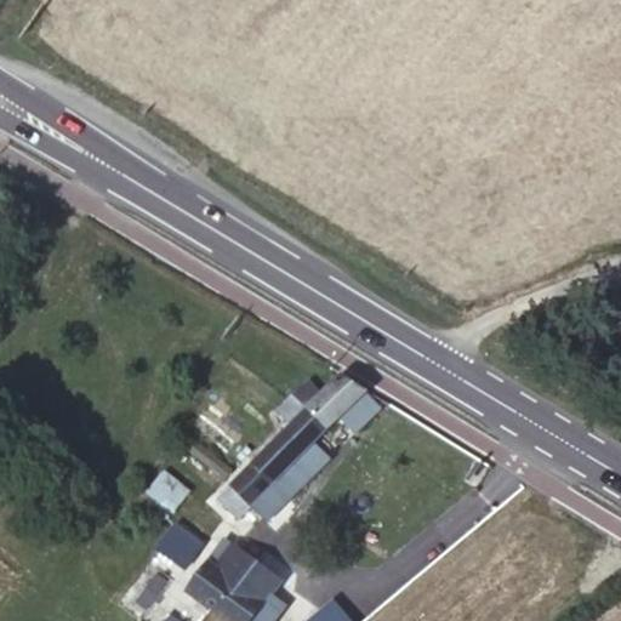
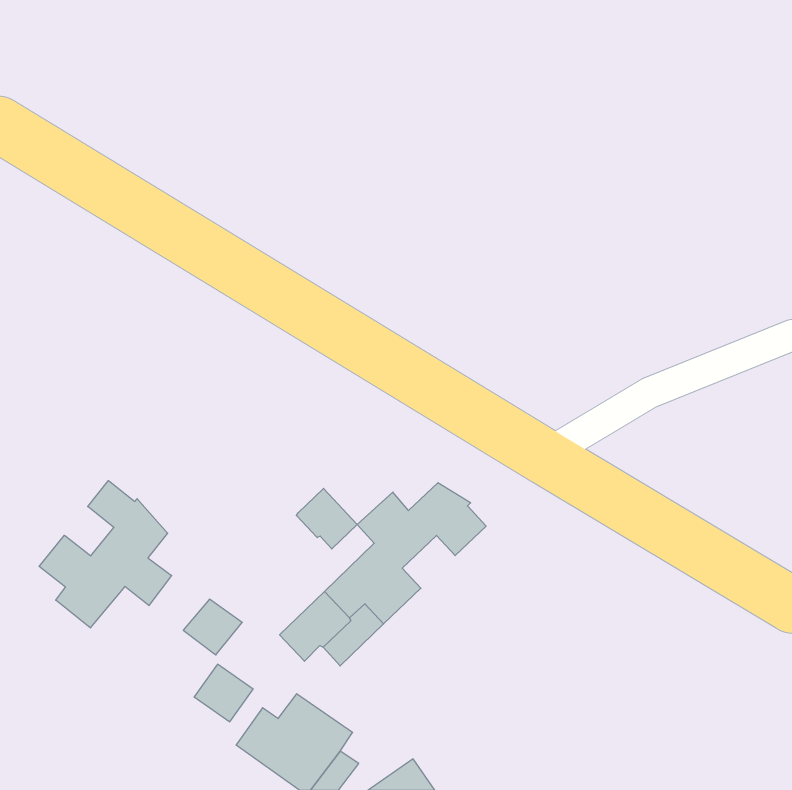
building: none -> [39,481,172,628]
building: none -> [296,488,357,549]

